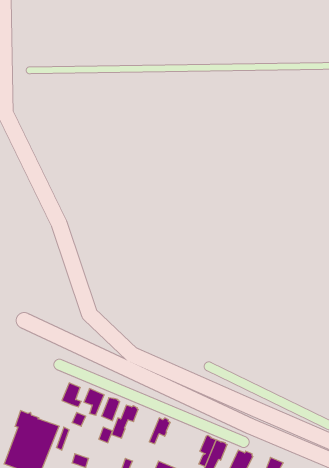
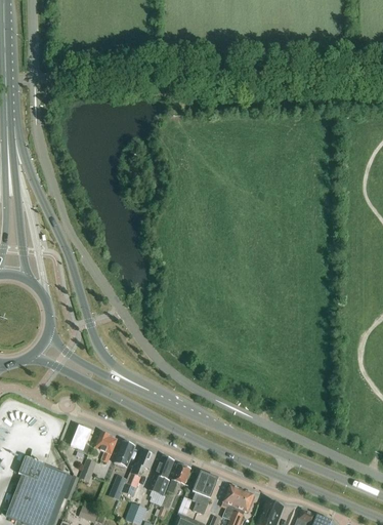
building: none -> [151,458,175,497]
building: none -> [193,475,218,517]

